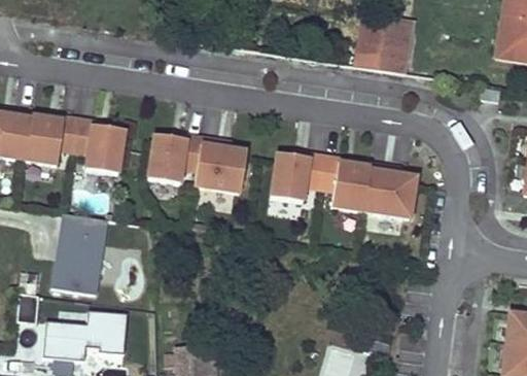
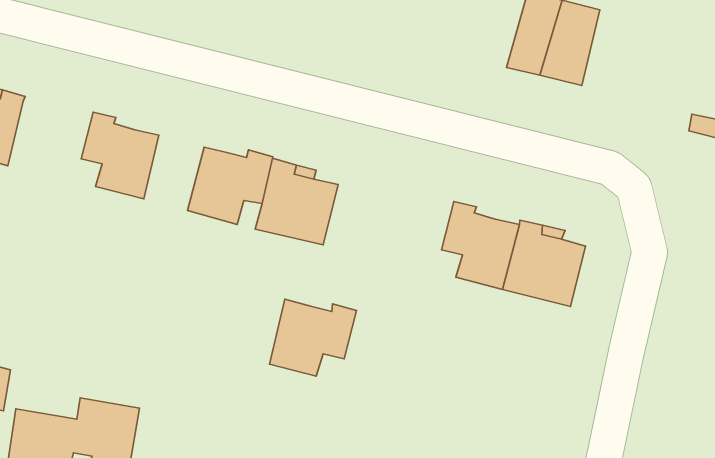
building: [27,116,80,165] -> none
building: [272,153,326,203] -> [270,299,356,376]
building: [54,214,109,295] -> none

